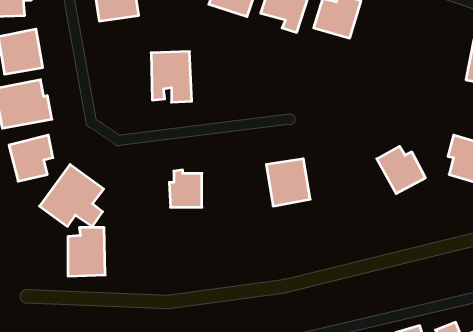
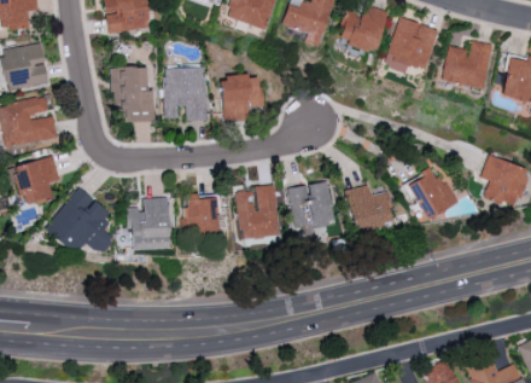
building: none -> [384,17,438,72]
building: none -> [440,40,492,89]
building: none -> [110,66,153,122]
building: none -> [222,74,264,121]
building: none -> [235,185,279,238]
building: none -> [344,185,393,231]
building: [68,228,105,276] -> [129,198,169,250]

